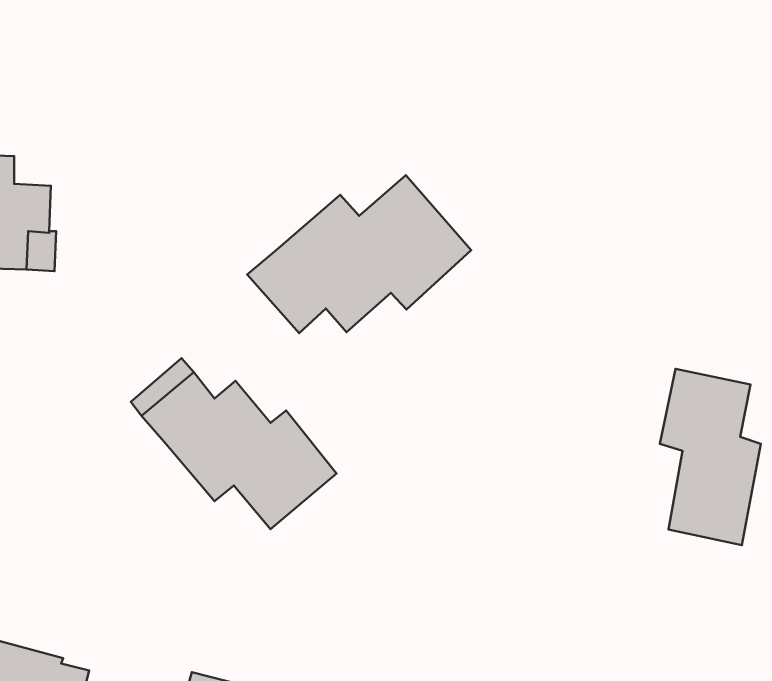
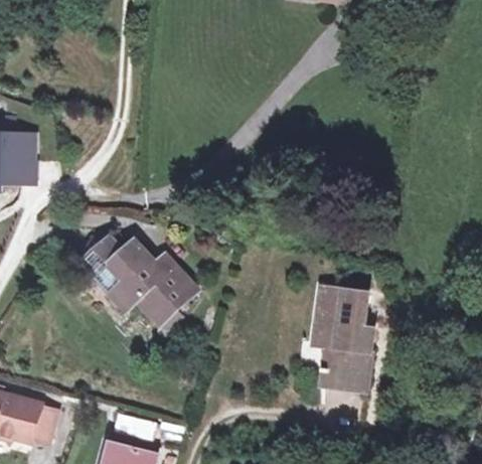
building: [247,175,471,333] -> none
building: [660,369,761,545] -> [313,282,371,383]

